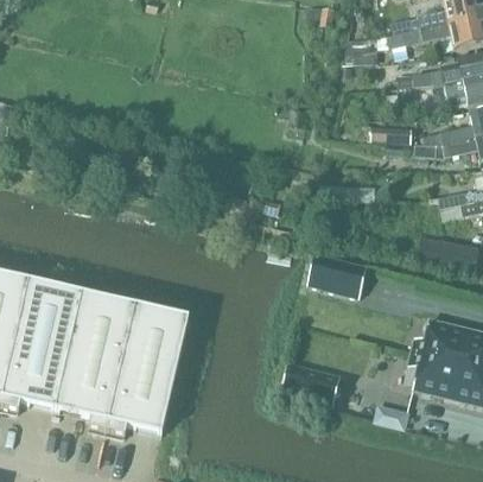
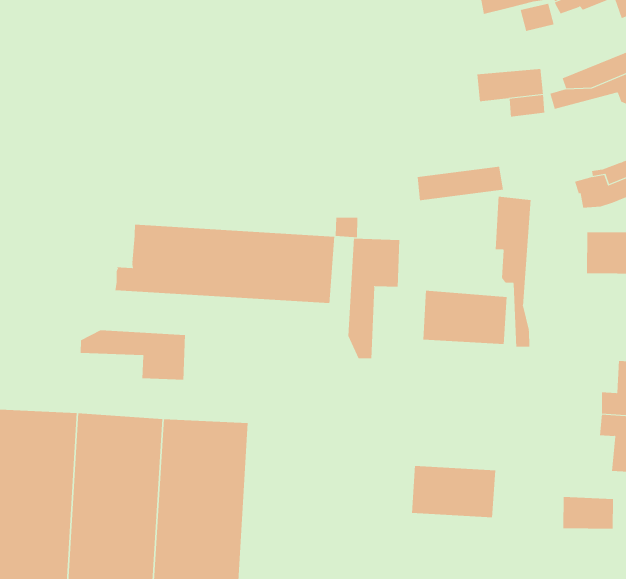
building: none -> [115,224,335,304]
building: none -> [495,196,531,348]
building: none -> [348,238,400,359]
building: none -> [80,330,186,381]

